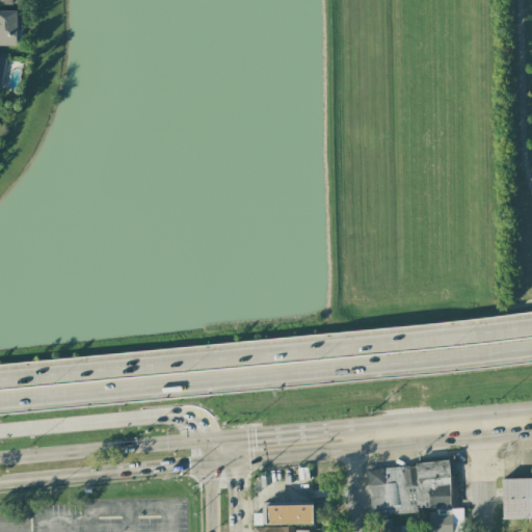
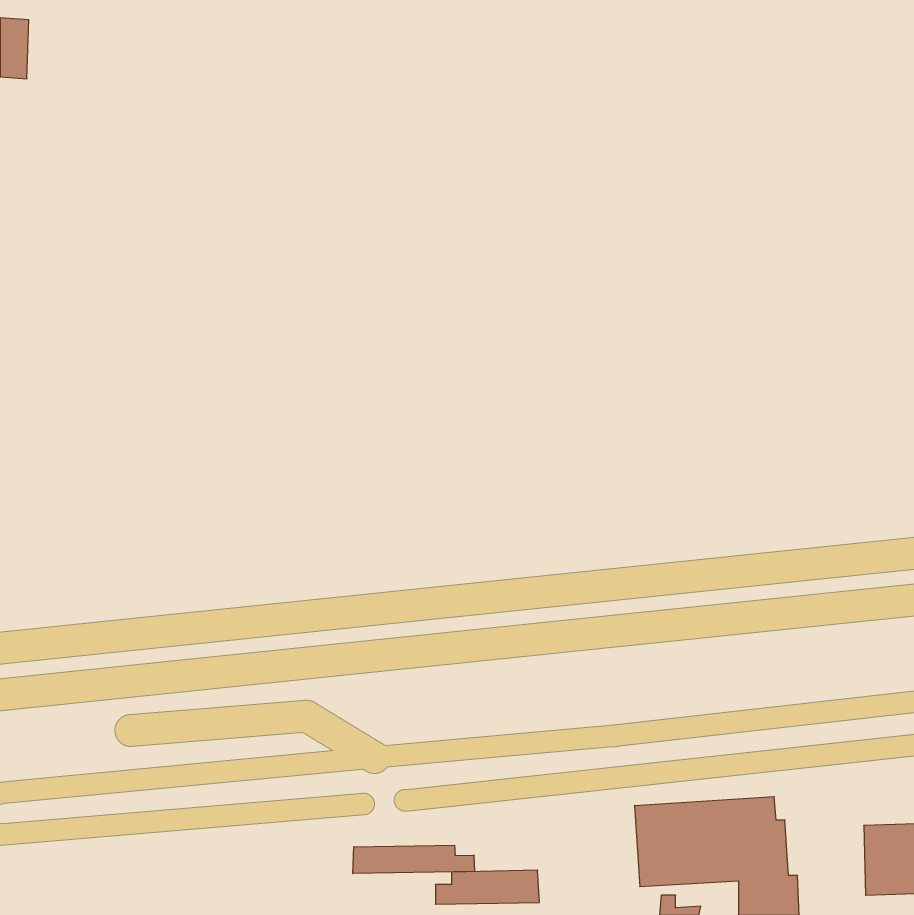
building: none -> [353,845,475,874]

